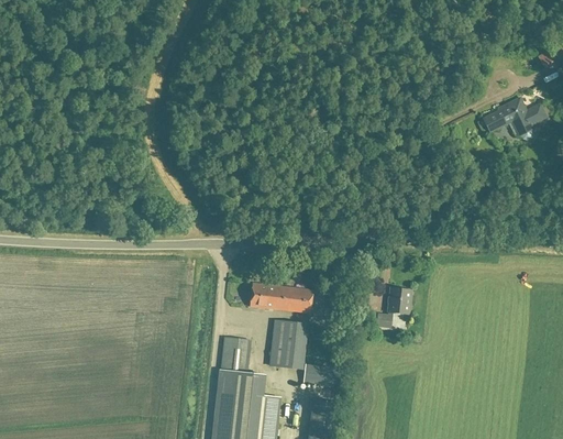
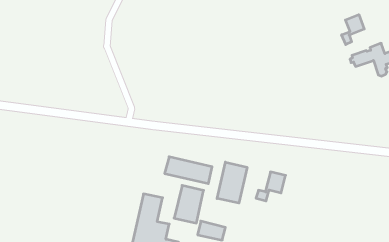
building: none -> [342,15,364,45]
building: none -> [217,162,247,203]

